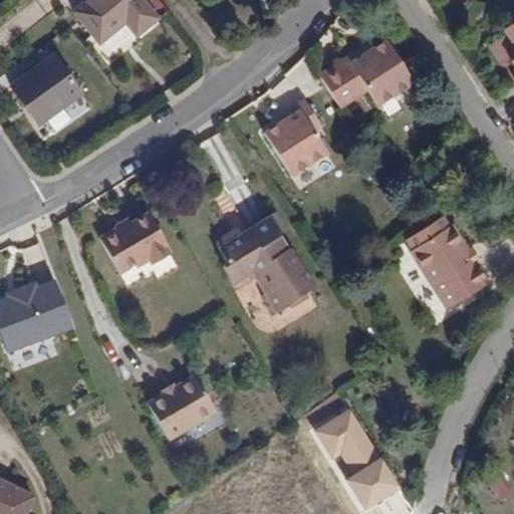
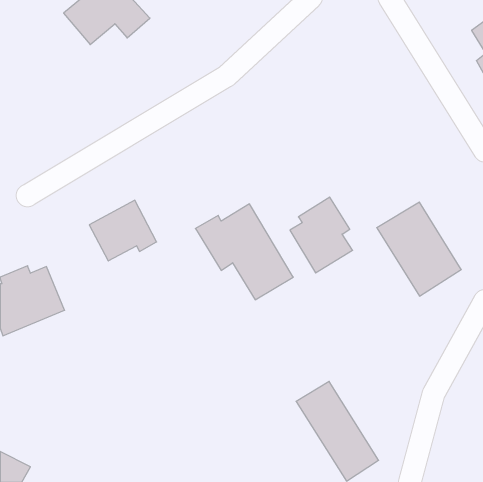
building: [323,36,420,106] -> none
building: [15,56,84,124] -> none
building: [266,97,332,178] -> [290,197,353,273]
building: [143,376,216,445] -> none

